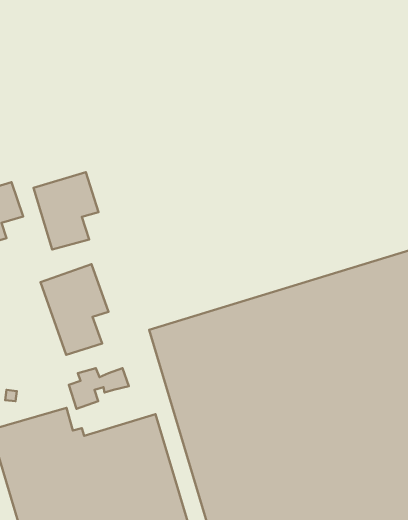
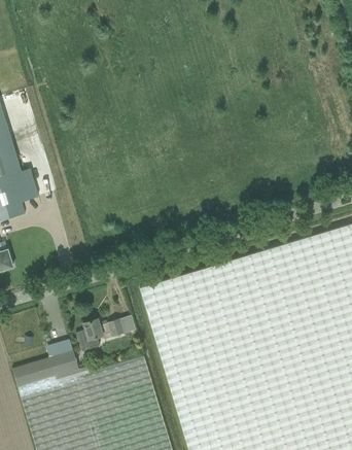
building: [33,172,98,250] -> none
building: [41,264,108,355] -> none

